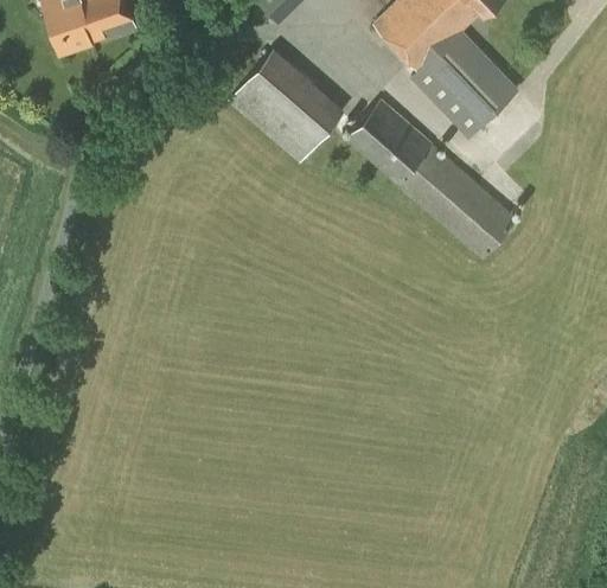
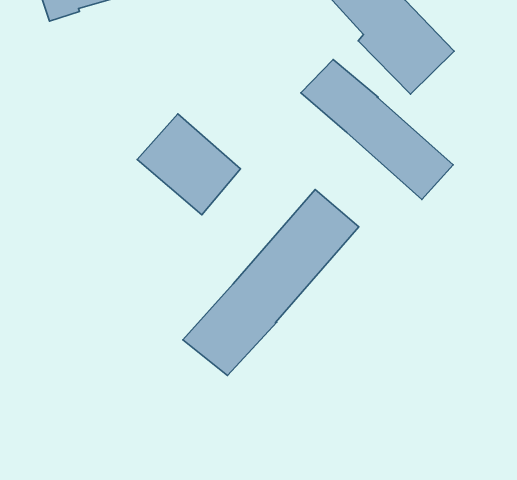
building: [228,47,345,162] -> [137,114,240,215]
building: none -> [183,190,359,376]

